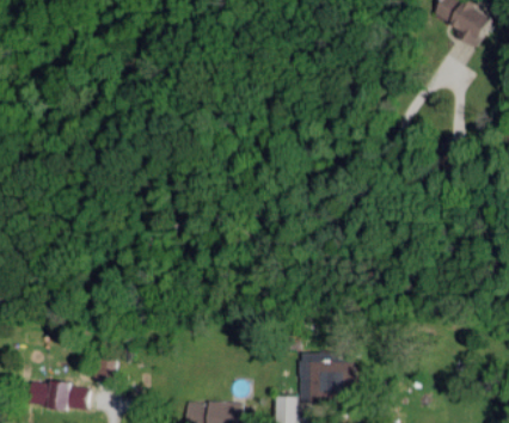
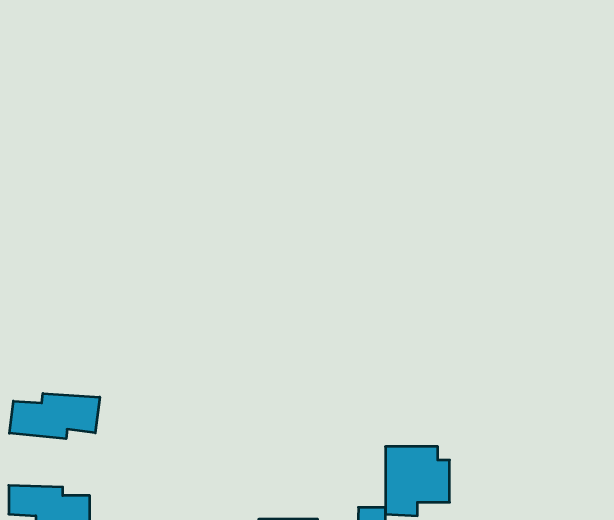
building: none -> [9,393,100,439]

